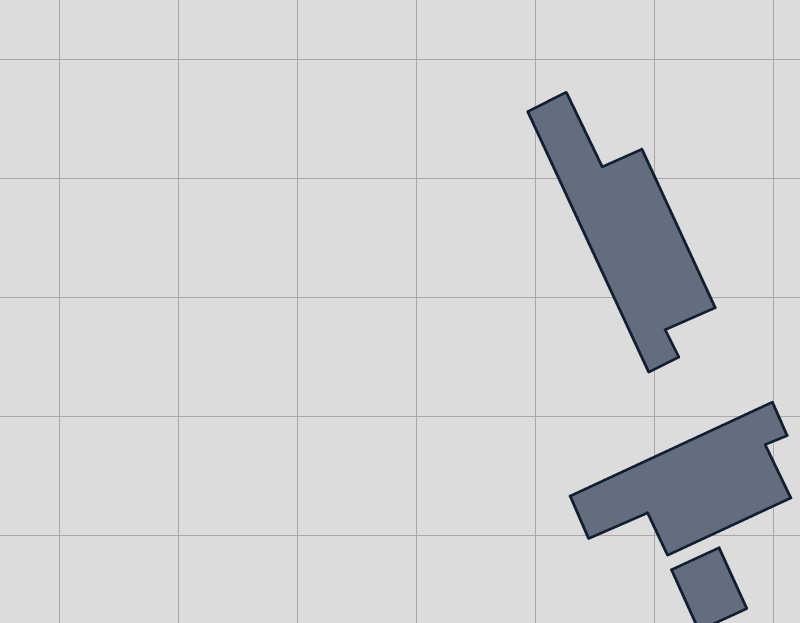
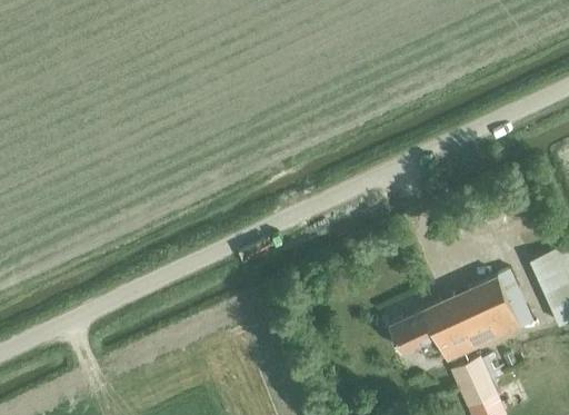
building: [528,92,715,372] -> none

